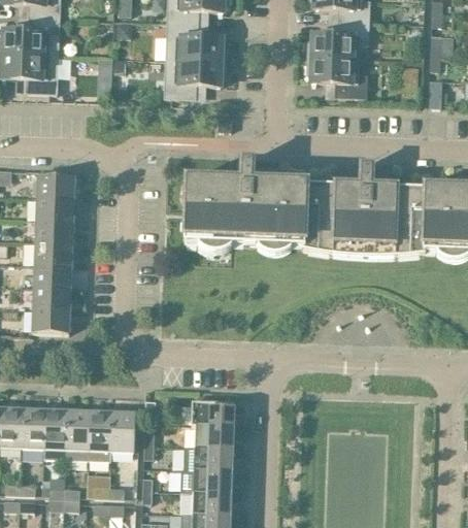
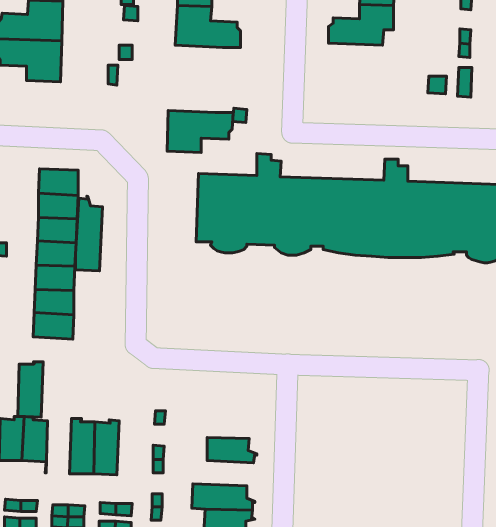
building: [306,57,367,97] -> none
building: [163,59,225,98] -> [167,110,233,152]
building: none -> [75,196,102,271]
building: [191,396,241,426] -> none
building: [43,407,67,459] -> [18,362,43,417]
building: [109,409,134,460] -> none
building: [180,447,239,470] -> none

